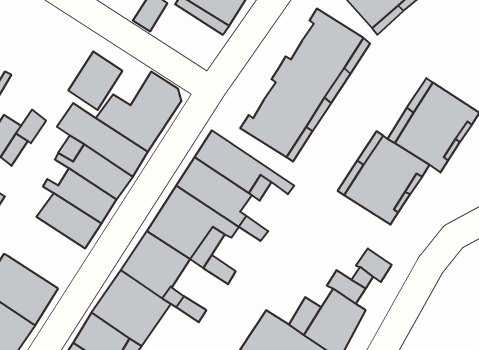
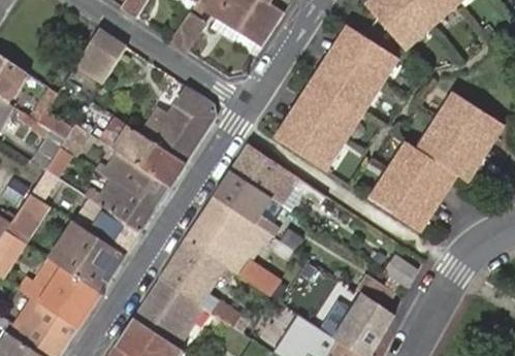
building: [68,51,122,110] -> [78,27,130,83]
building: none -> [53,223,126,292]

